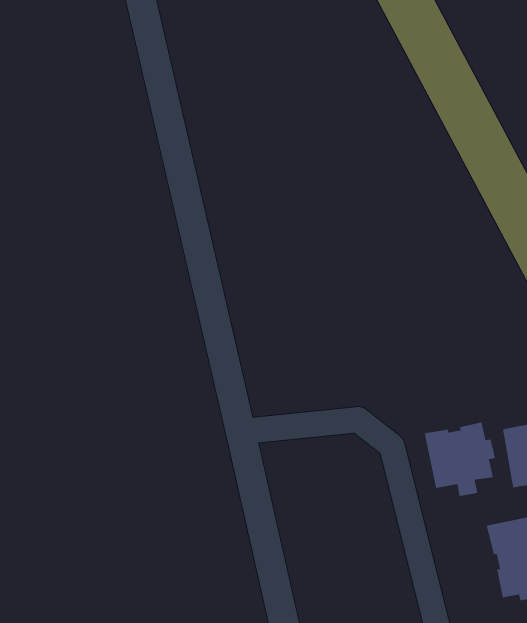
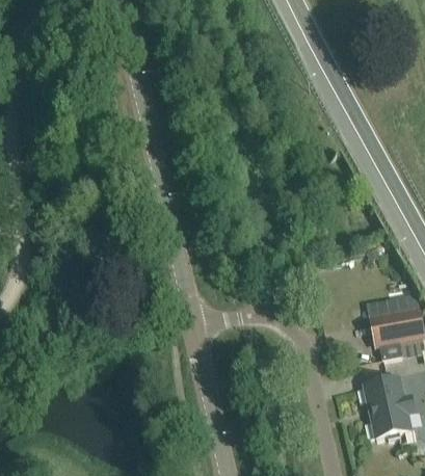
building: [424,421,496,497] -> none

